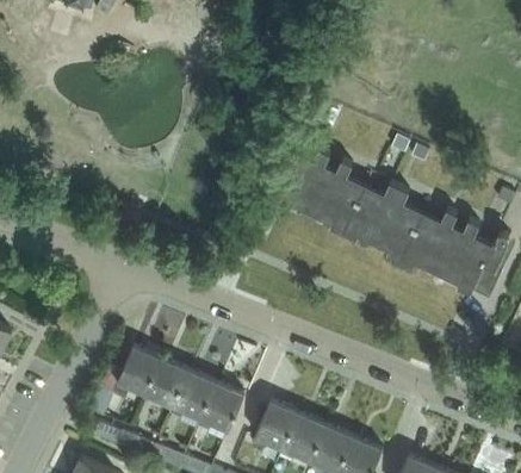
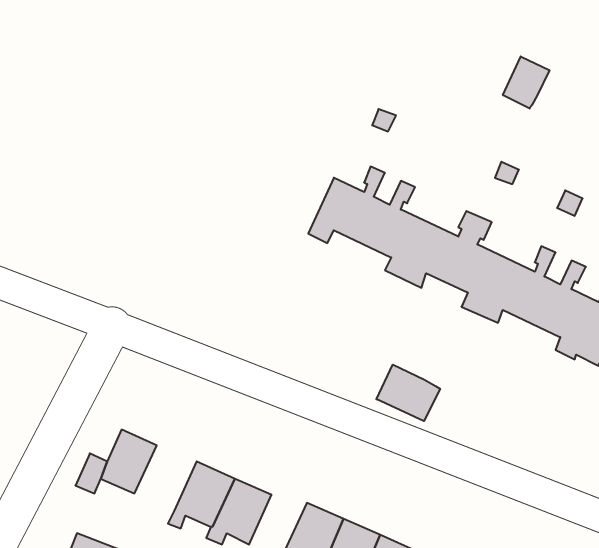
building: none -> [503,56,549,109]
building: none -> [376,365,440,421]
building: [143,357,190,406] -> none

